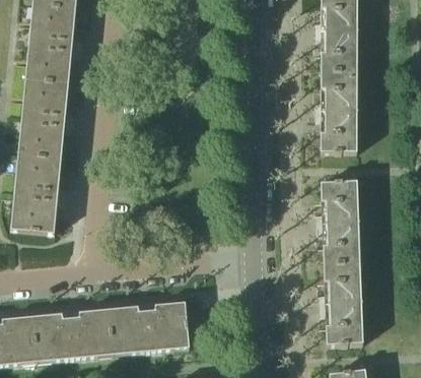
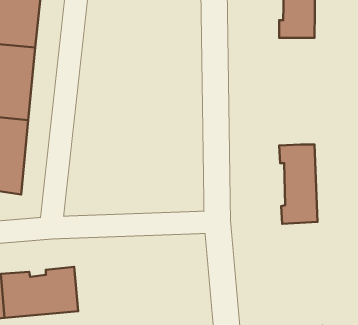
building: [321,70,357,151] -> none
building: [324,261,362,343] -> none
building: [109,301,189,354] -> none

